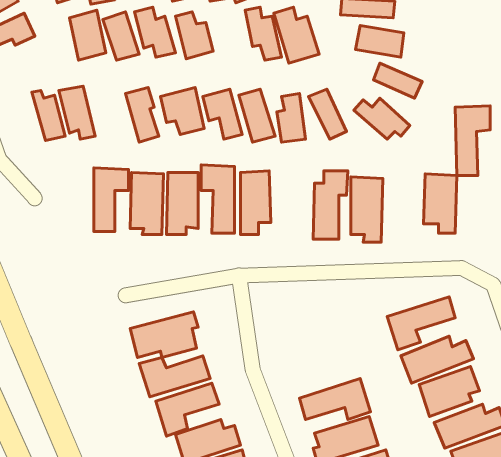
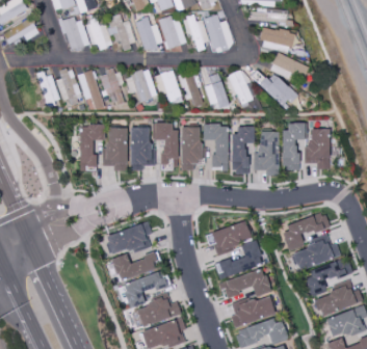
building: none -> [159,15,186,49]
building: none -> [79,71,103,110]
building: [455,106,490,175] -> [283,123,307,170]
building: none -> [203,125,228,170]
building: none -> [205,221,264,278]

